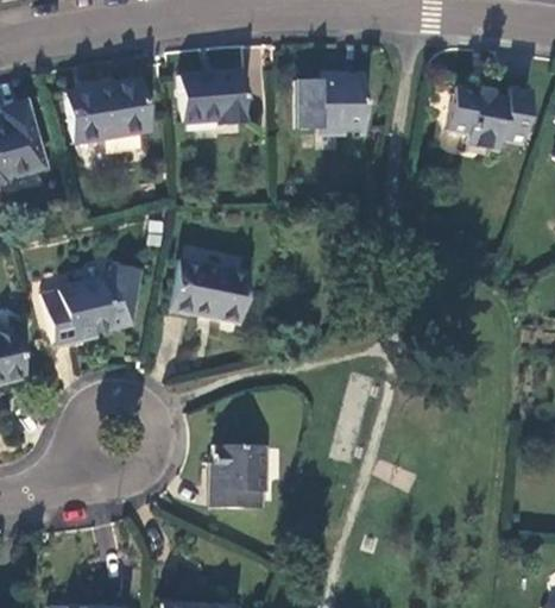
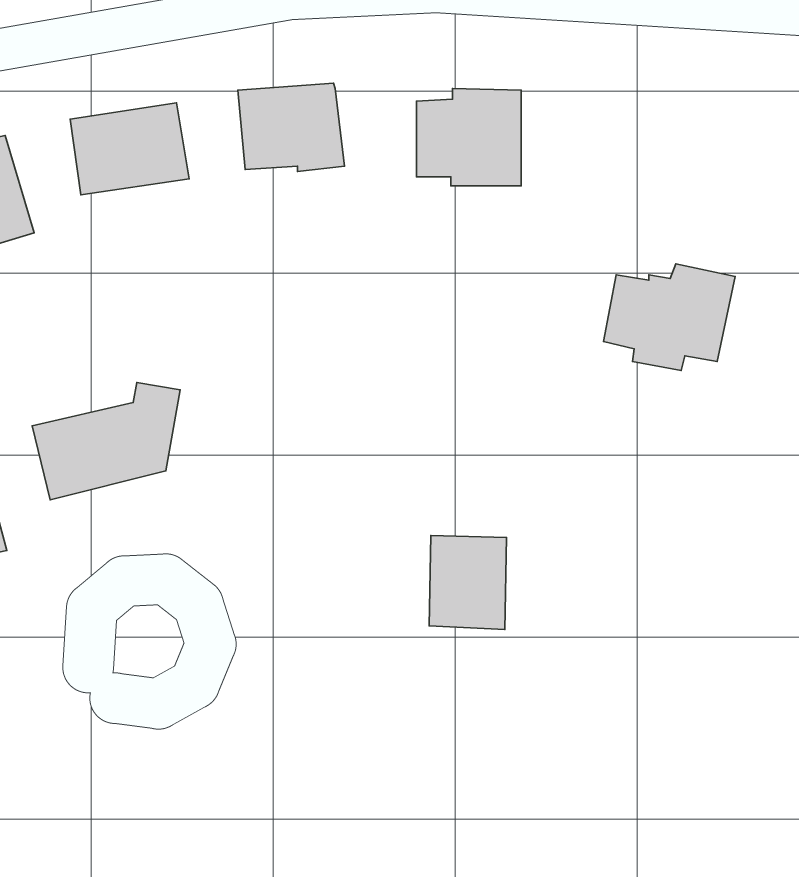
building: [446,77,532,148] -> [604,264,735,370]
building: [171,257,250,320] -> none
building: [214,443,265,504] -> [429,536,507,629]

